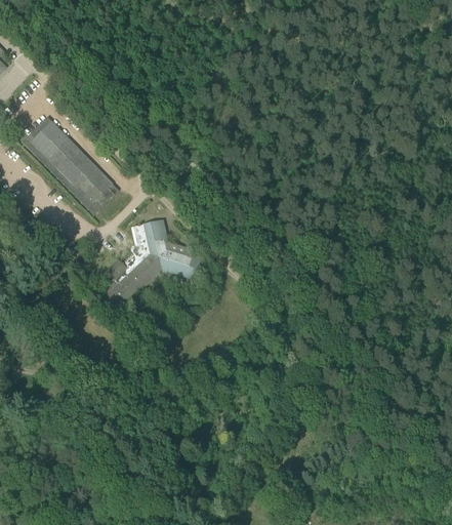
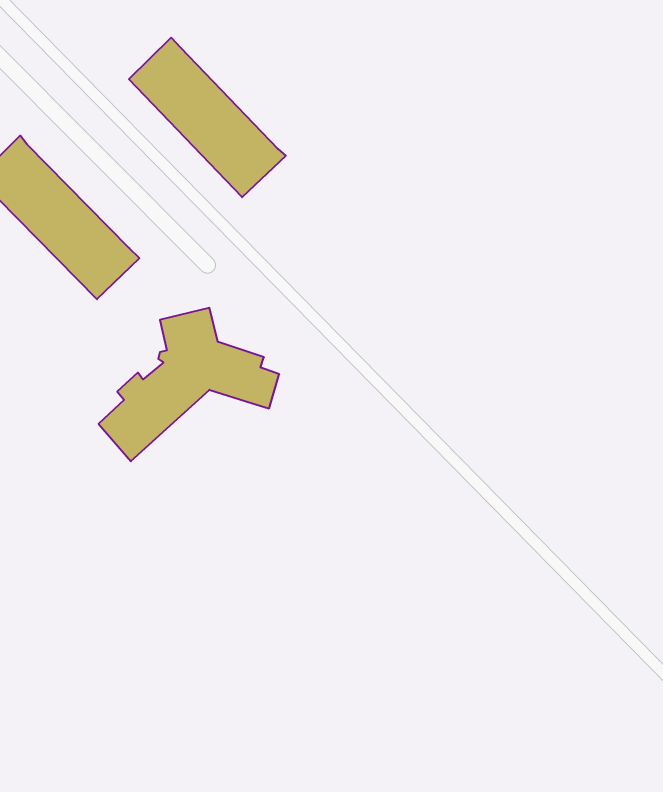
building: none -> [129,38,286,197]

